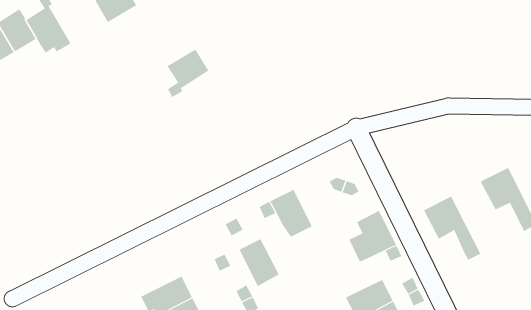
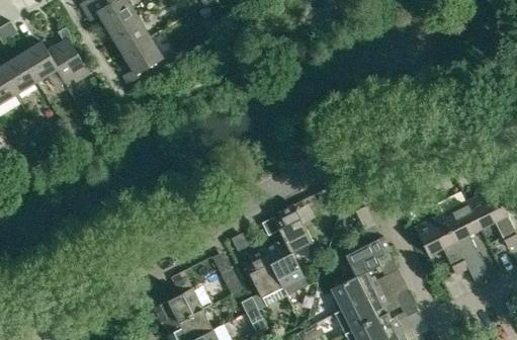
building: [166,49,209,98] -> [122,38,162,84]
building: none -> [440,201,491,284]
building: none -> [264,243,308,296]
building: none -> [332,268,382,309]

